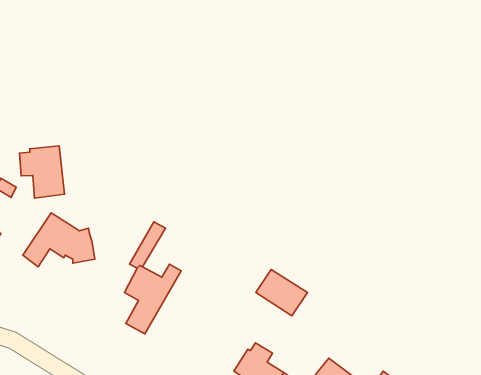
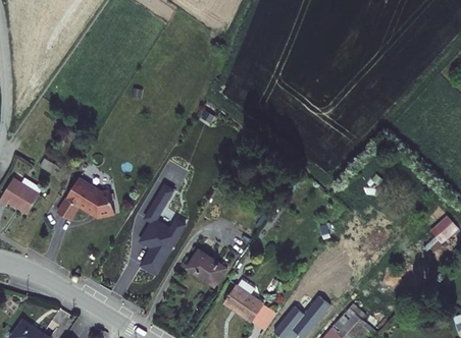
building: [19,146,64,198] -> none
building: [256,269,307,316] -> [187,249,227,286]

